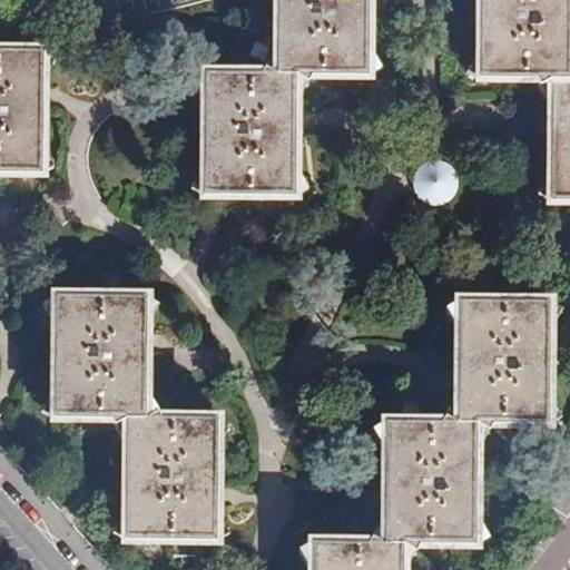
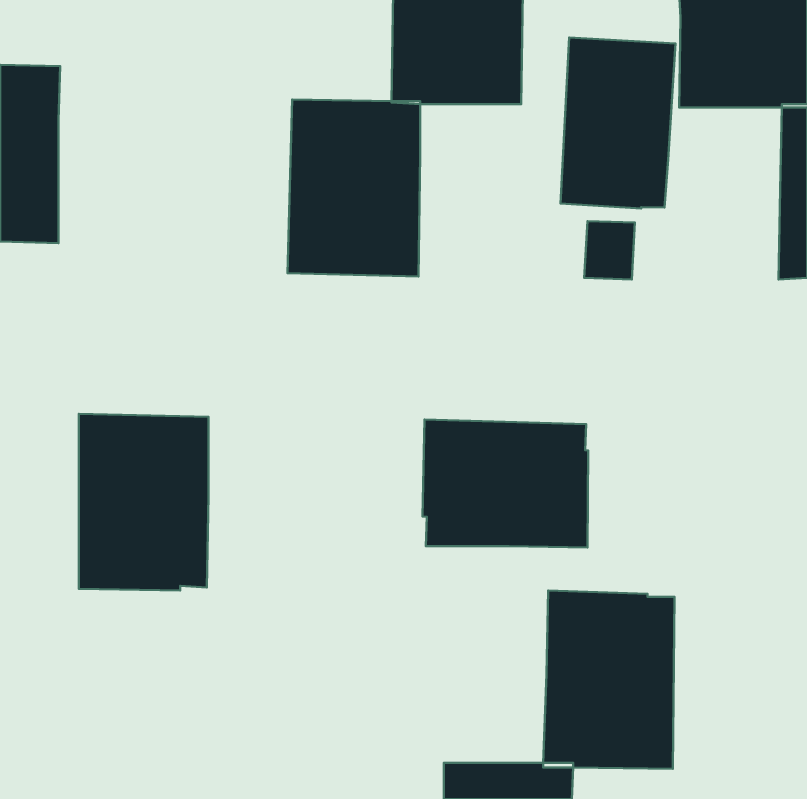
building: none -> [560,38,676,209]
building: none -> [422,420,588,548]
building: [456,297,549,421] -> none
building: [127,414,218,537] -> none

